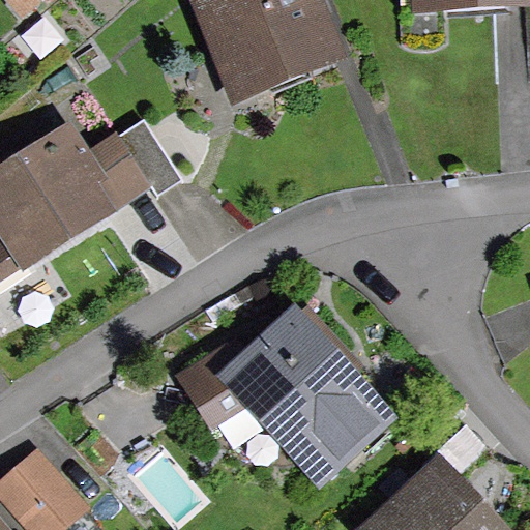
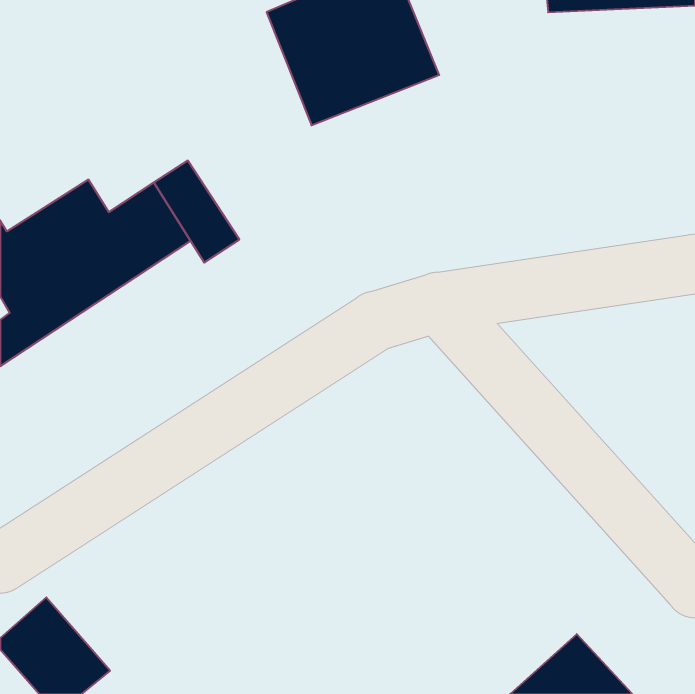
building: [181,314,381,476] -> none

